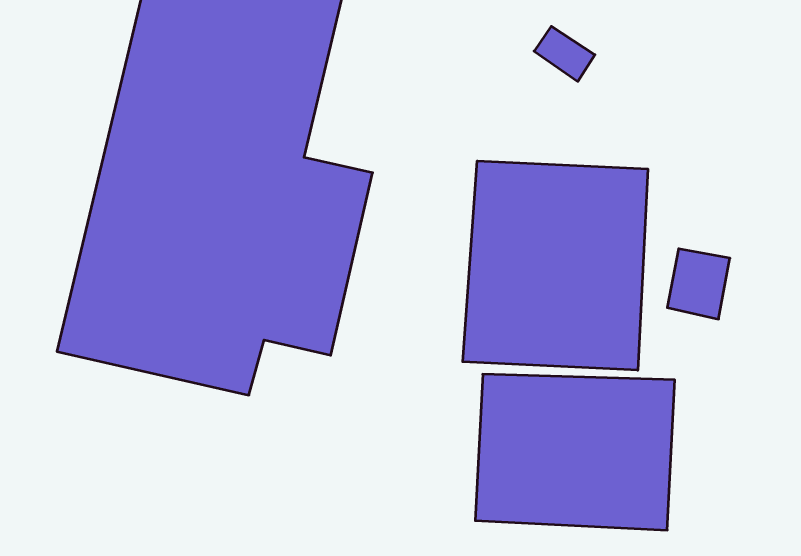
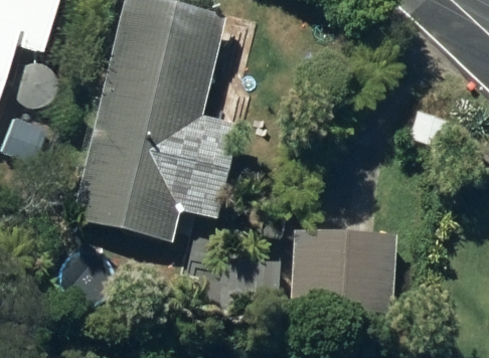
building: [463,161,648,370] -> none

